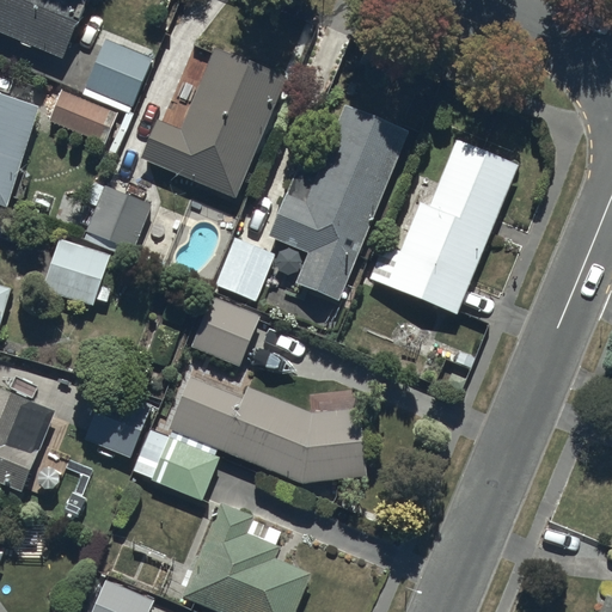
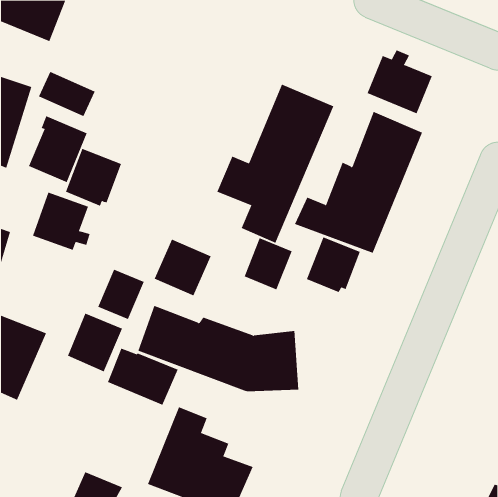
building: [80,31,153,114] -> [28,116,88,183]
building: [143,48,284,197] -> none
building: none -> [367,49,433,114]
building: [214,237,274,301] -> [244,237,292,290]
building: none -> [306,236,360,293]
building: none -> [98,269,144,320]

